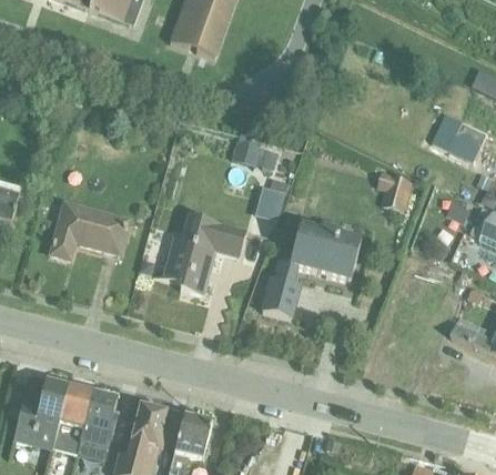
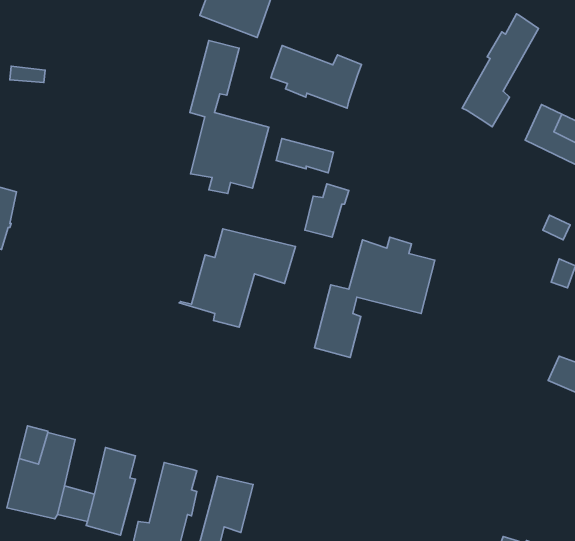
building: none -> [462,14,538,127]
building: none -> [190,40,269,194]
building: none -> [271,46,361,108]
building: [377,172,413,213] -> none
building: [49,200,129,259] -> none
building: [58,385,91,429] -> none

